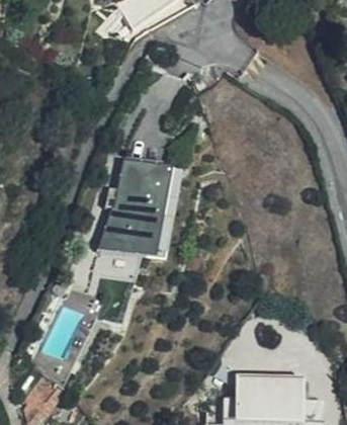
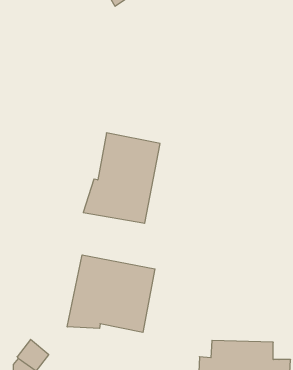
building: none -> [67,255,155,332]

